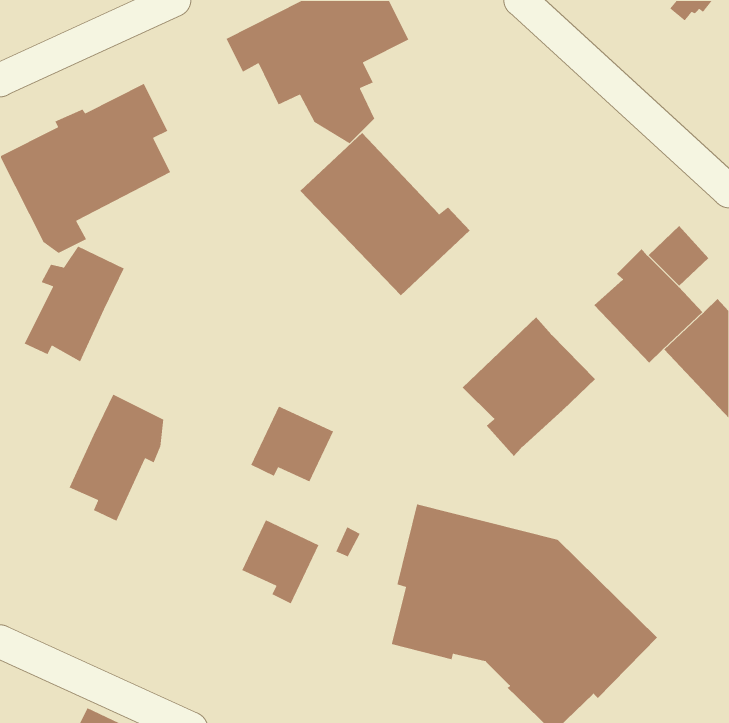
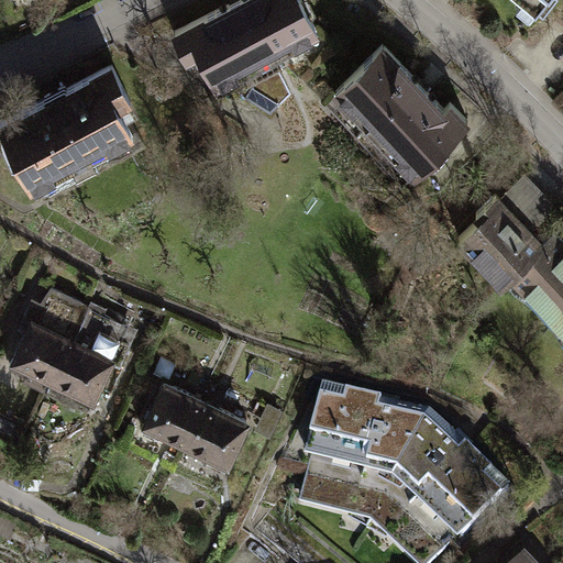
building: [299,132,471,296] -> [334,48,466,175]
building: [23,245,125,362] -> [9,290,87,380]
building: [462,317,596,457] -> none
building: [250,405,334,482] -> [140,385,205,444]

